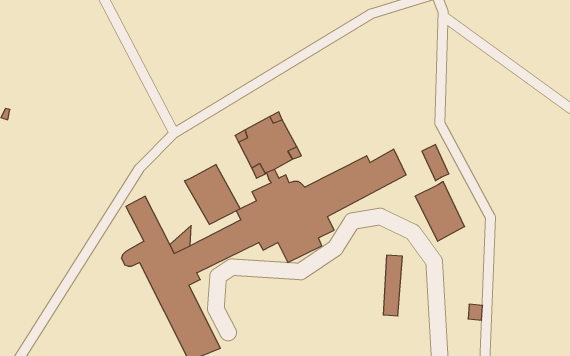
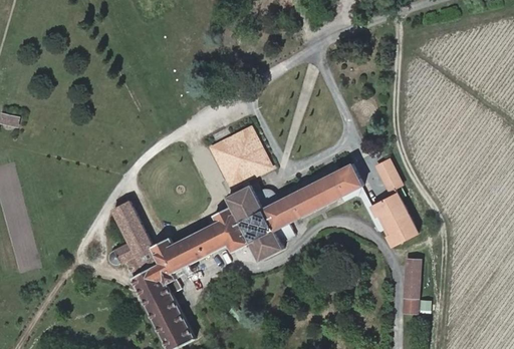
building: [185,164,240,224] -> none
building: [383,255,402,316] -> [401,259,418,313]

